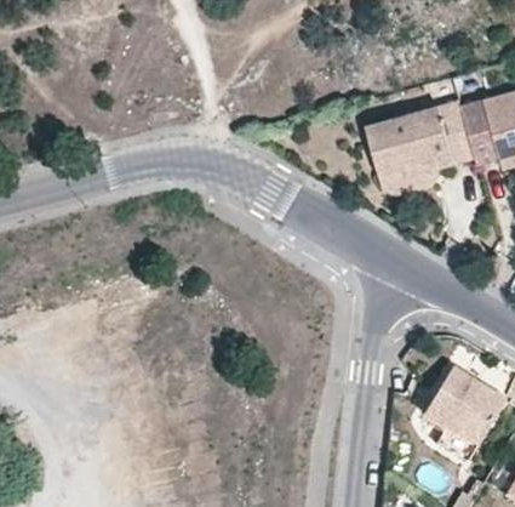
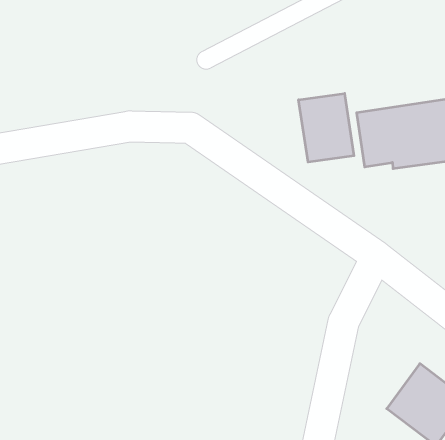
building: none -> [299,93,354,162]

